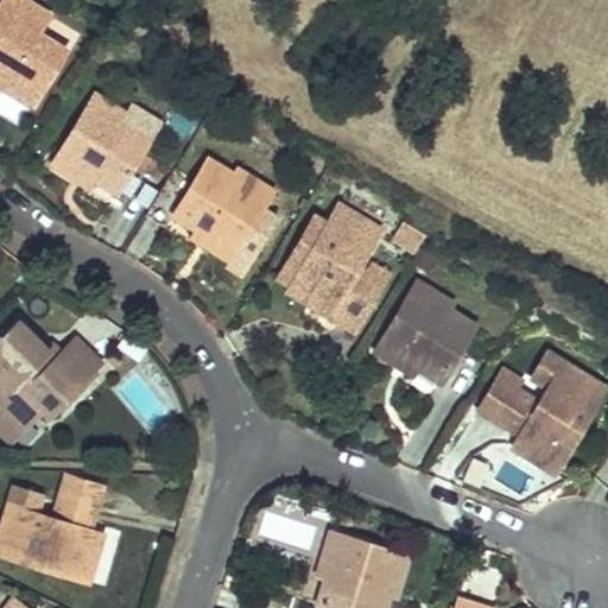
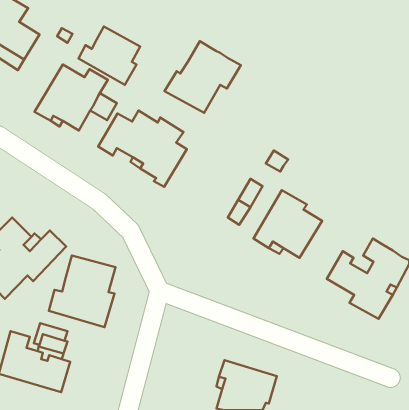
building: none -> [79,27,140,85]
building: none -> [165,41,241,113]
building: [287,205,379,316] -> none
building: none -> [49,255,115,327]

